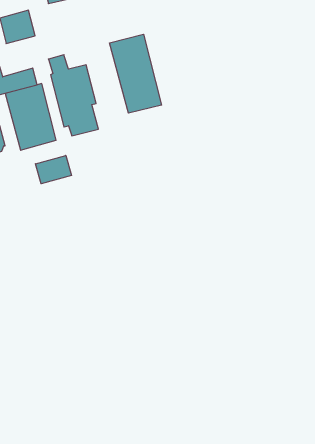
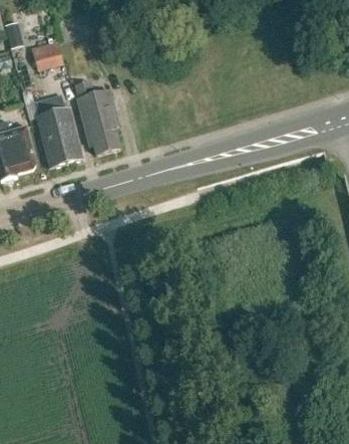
building: [110,34,162,113] -> none
building: [35,155,71,184] -> none

